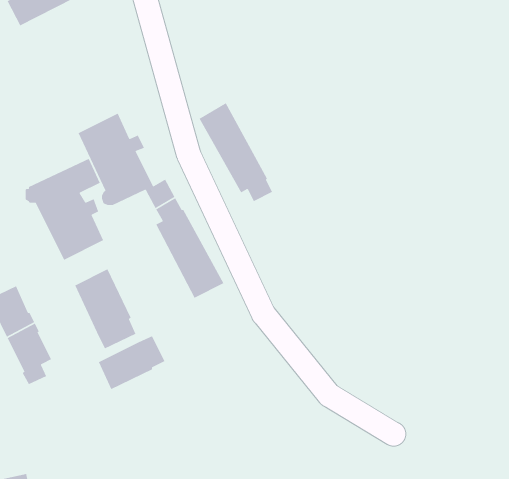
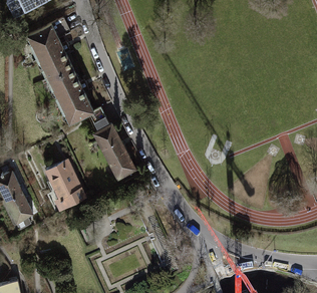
building: [198,102,273,202] -> none
building: [25,158,104,261] -> [24,18,71,79]
building: [98,335,165,390] -> none

